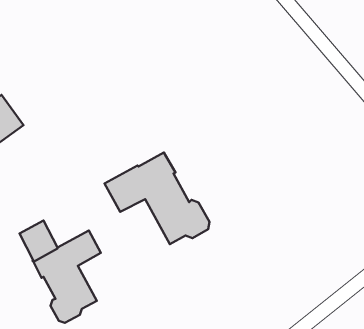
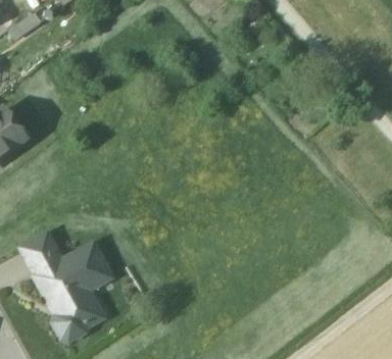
building: [105,152,209,244] -> none

